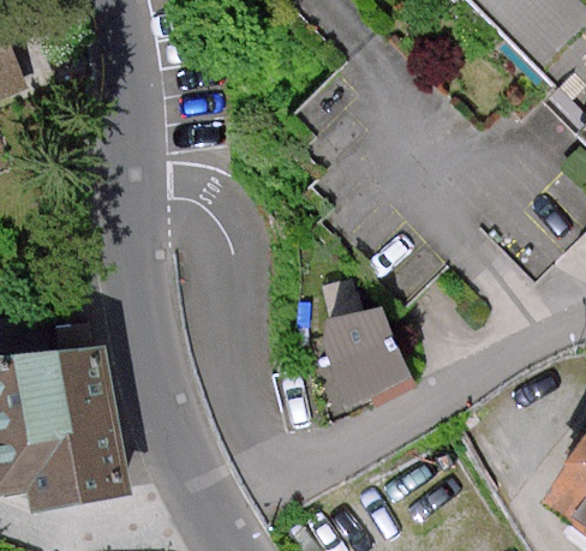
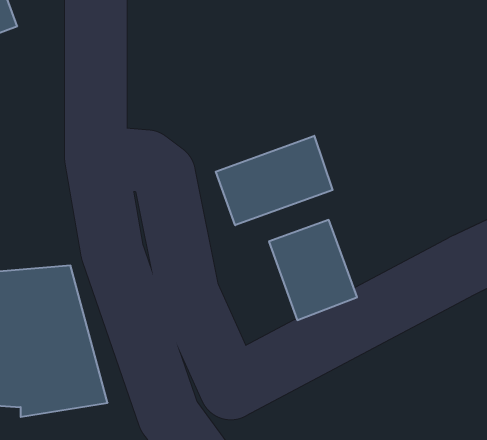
building: none -> [216,136,333,225]

